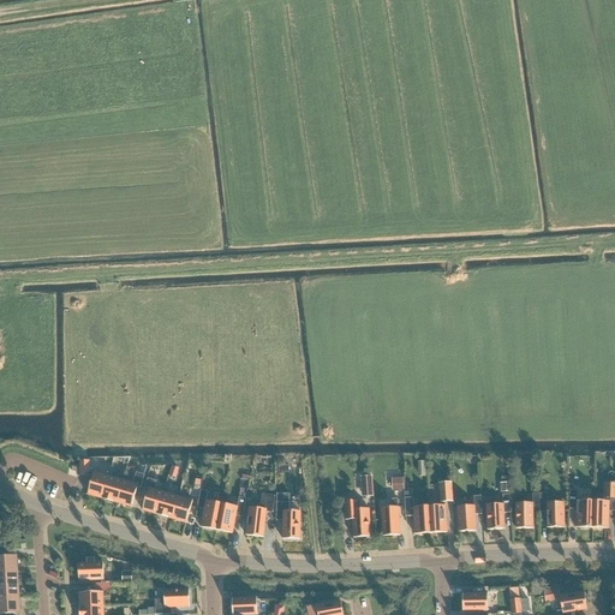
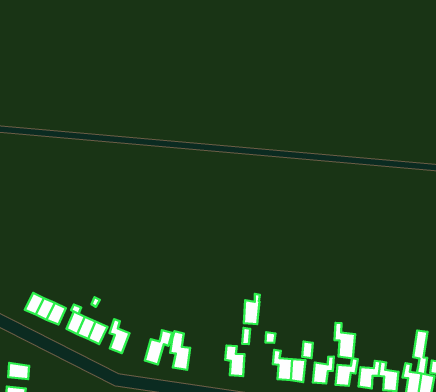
building: none -> [413,330,427,374]
building: none -> [334,323,355,358]
building: [216,485,249,531] -> none
building: [381,496,400,535] -> [244,294,260,324]

